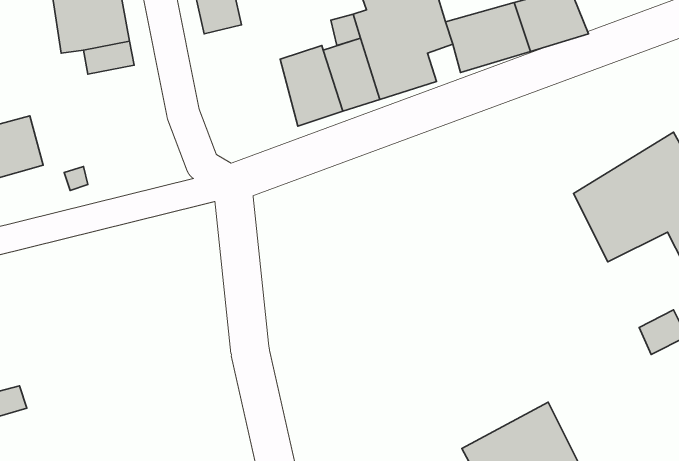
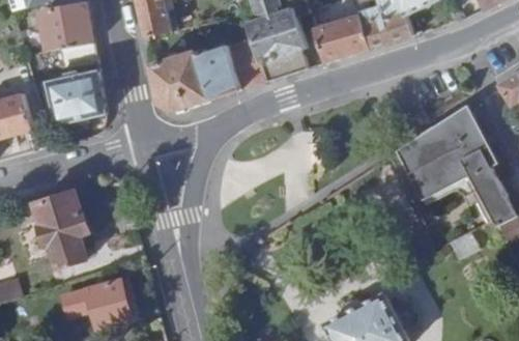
building: none -> [149,50,209,111]
building: none -> [47,68,105,120]
building: none -> [13,186,89,265]
building: none -> [62,279,131,328]

